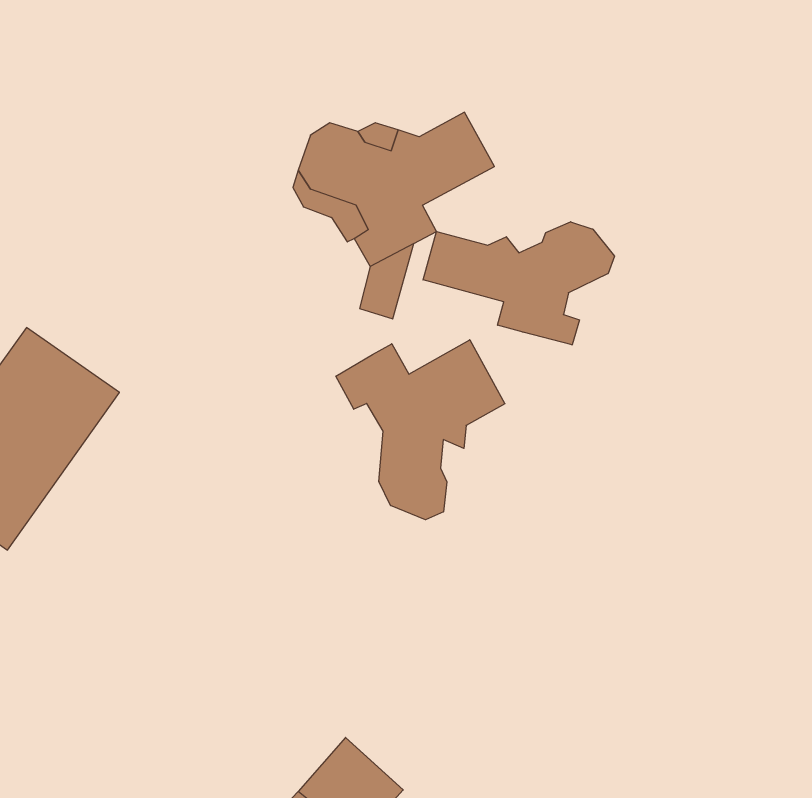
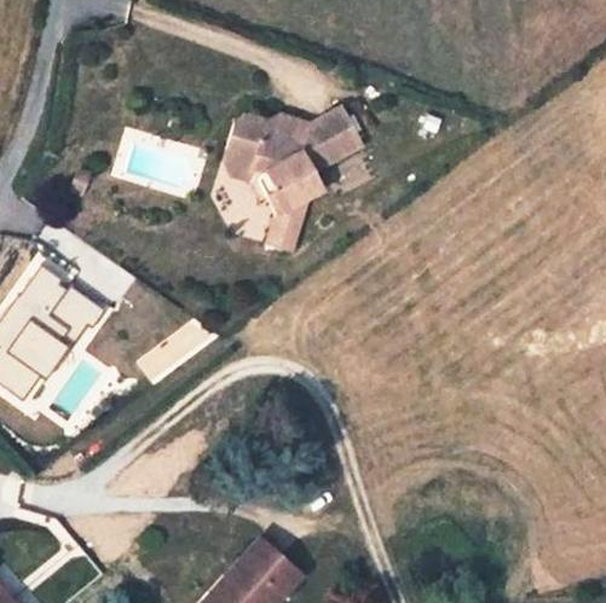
building: [423,222,615,345] -> none
building: [336,340,505,520] -> none

